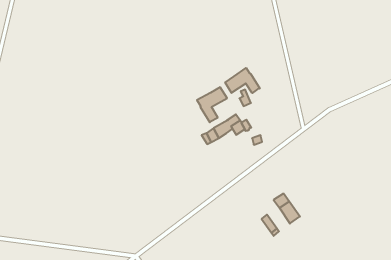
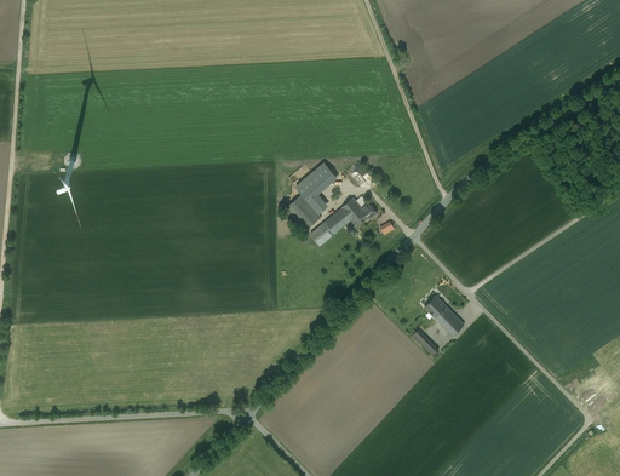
building: [225,68,260,93] -> none
building: none -> [286,195,321,230]

